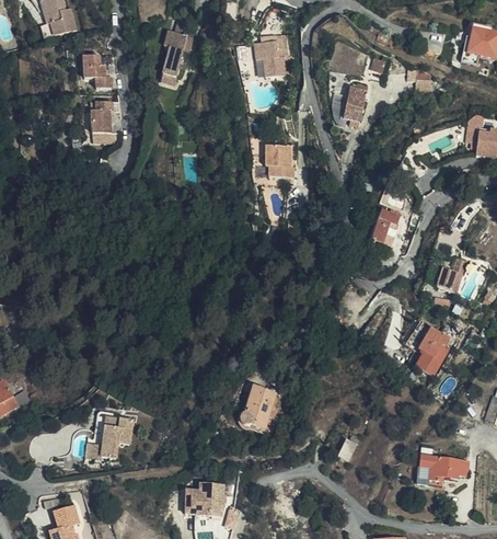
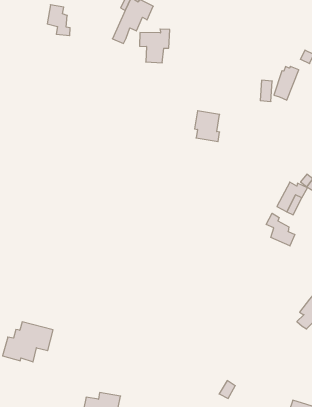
building: [252,36,287,77] -> [140,29,170,63]
building: [88,101,109,133] -> none
building: none -> [266,213,295,246]
building: [240,387,275,428] -> none

